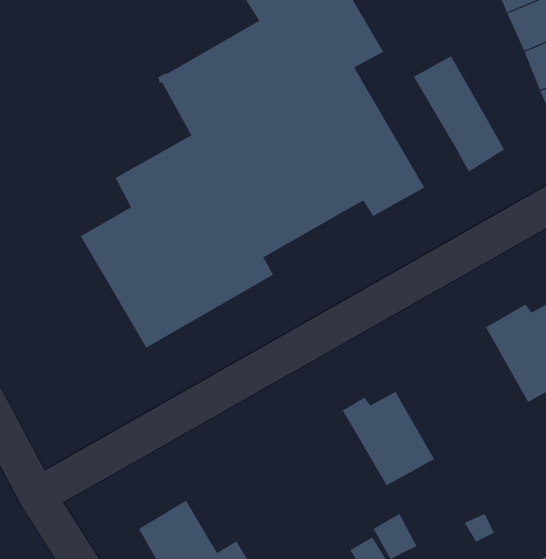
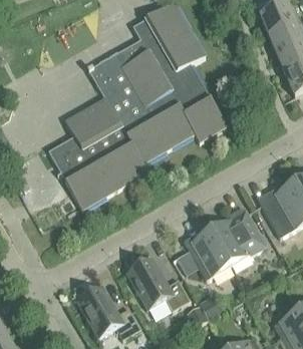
building: [413,55,505,172] -> none
building: none -> [211,207,265,266]
building: none -> [127,258,190,311]

